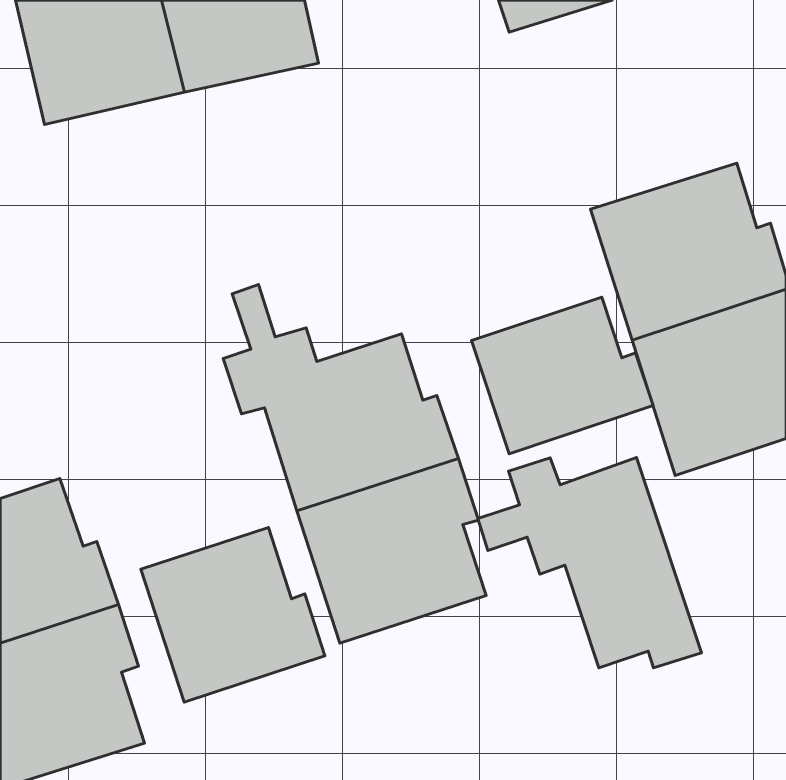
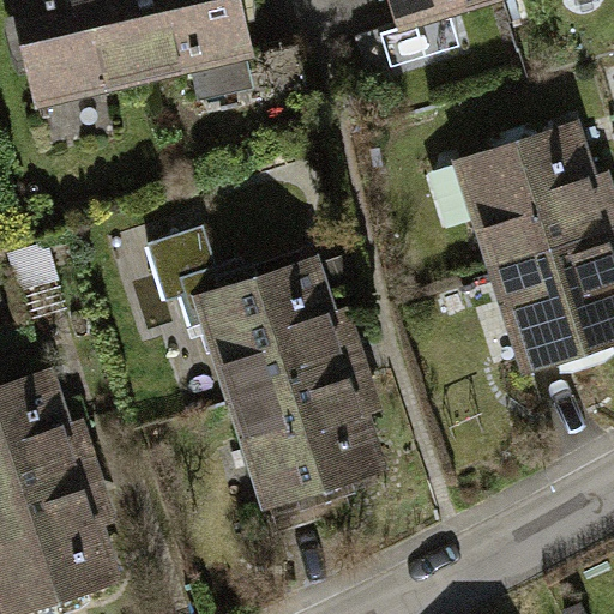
building: [471,297,653,454] -> none
building: [478,457,701,668] -> none
building: [141,528,325,702] -> none

